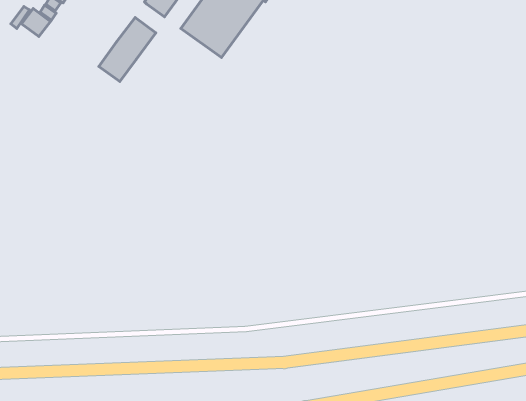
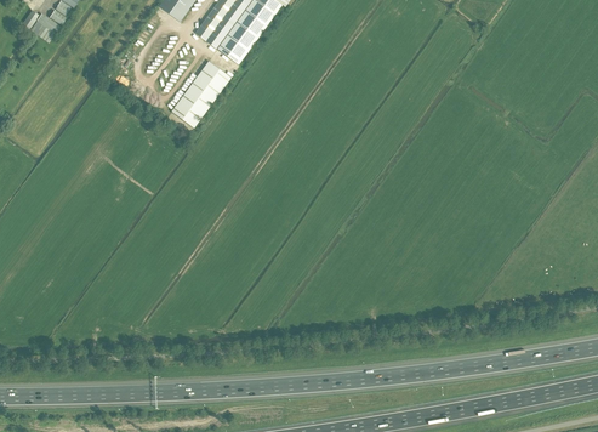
building: [99,18,156,81] -> [171,59,230,126]

